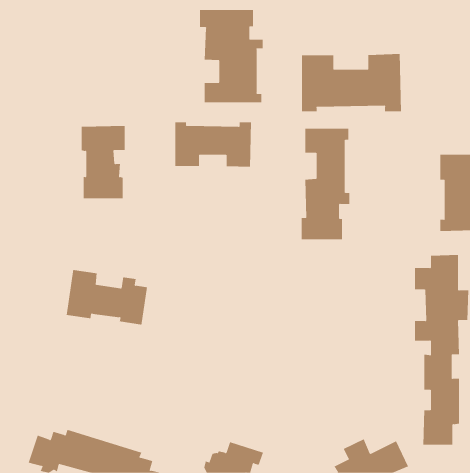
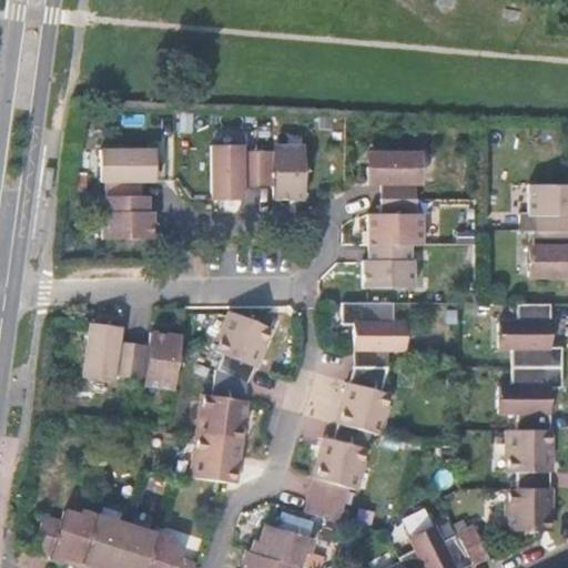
building: [200,9,263,103] -> none
building: [301,53,402,112] -> none
building: none -> [307,303,408,521]
building: none -> [194,313,267,483]

